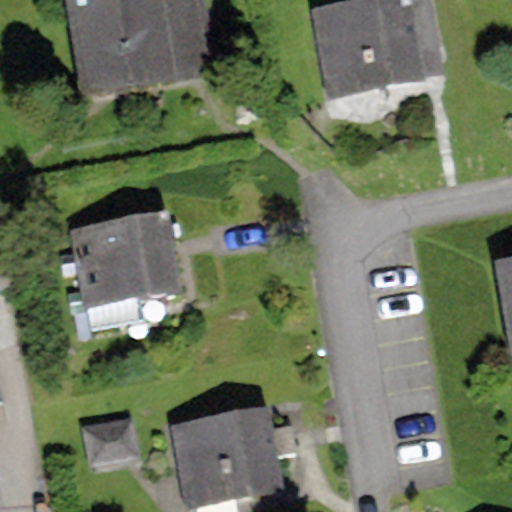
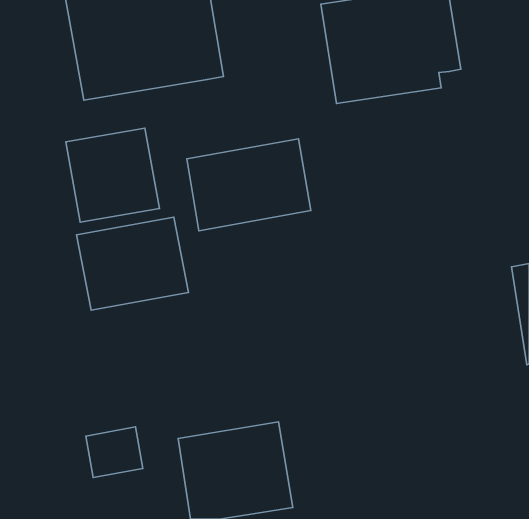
building: none -> [66,128,160,222]
building: none -> [187,139,311,231]

